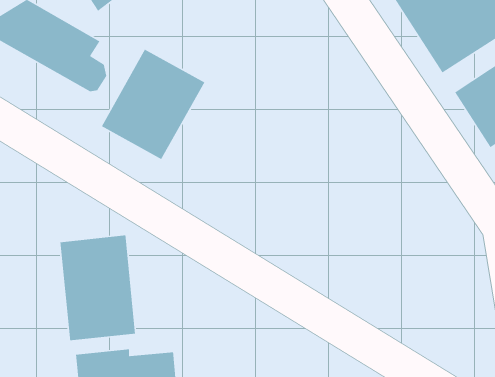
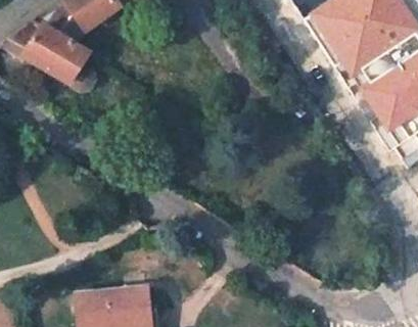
building: [101,49,205,160] -> none
building: [60,235,136,341] -> none

